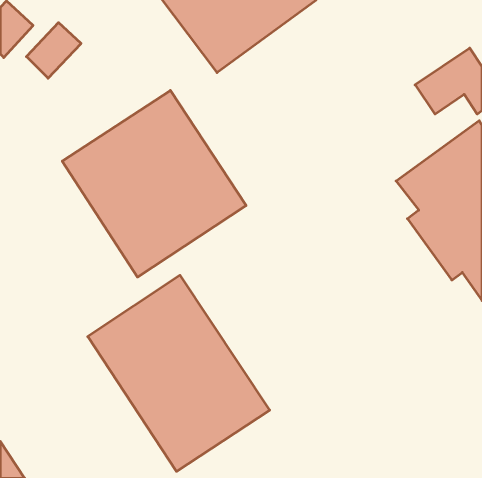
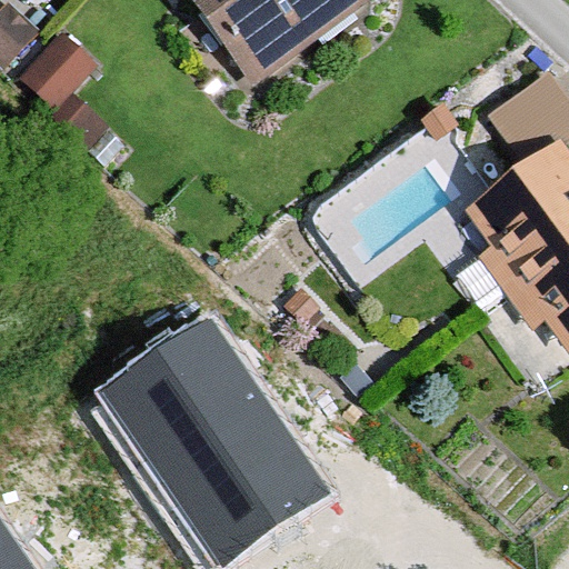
building: [62,90,246,277] -> none

